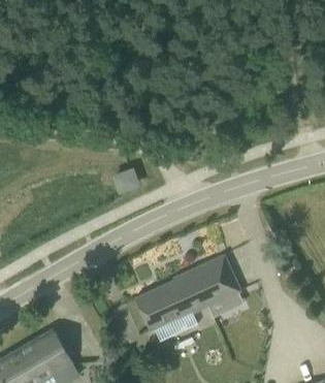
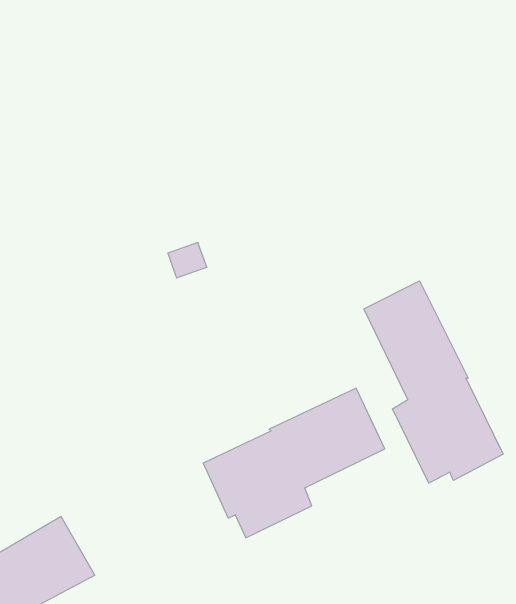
building: none -> [364,281,503,483]

